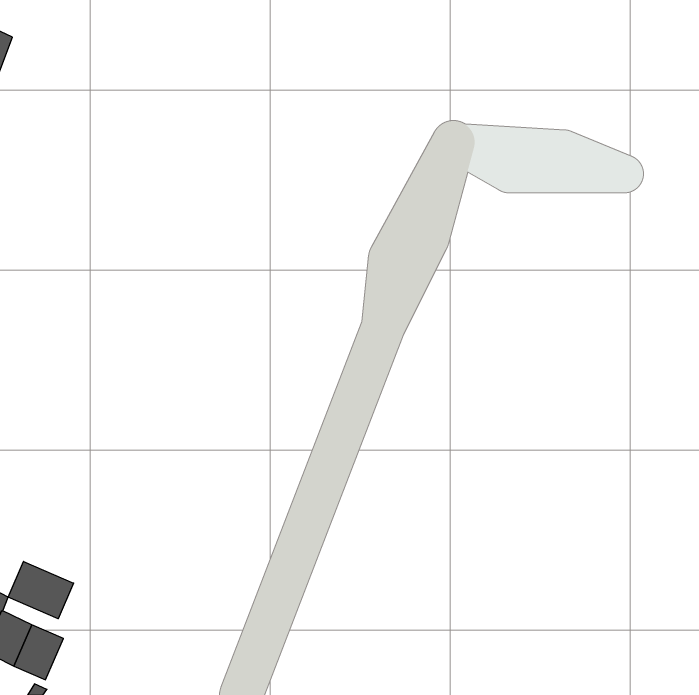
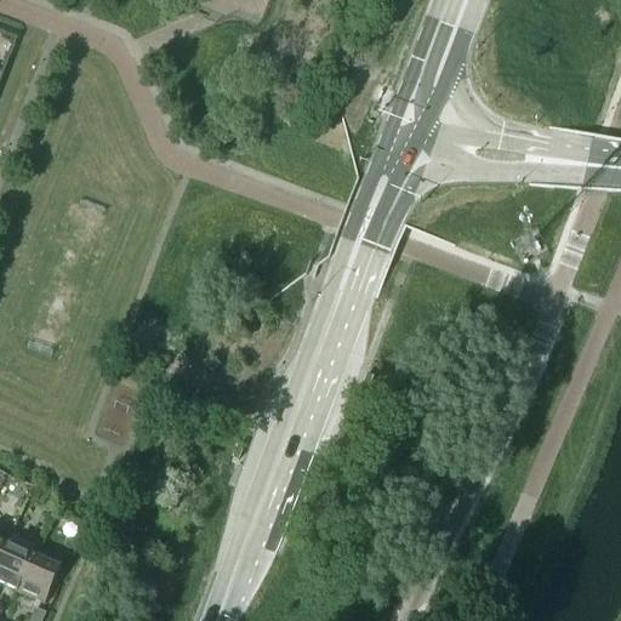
building: [8,561,74,619] -> none

